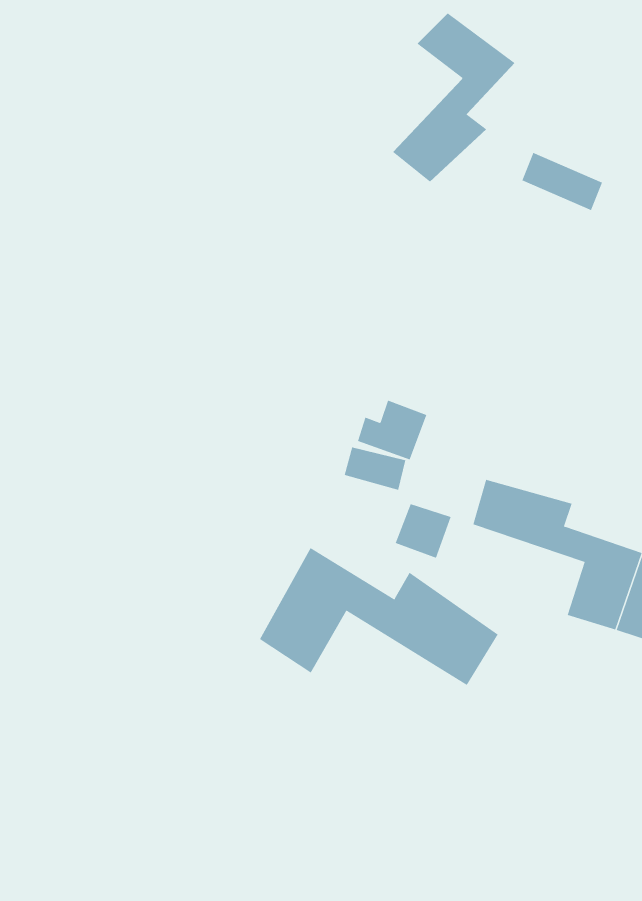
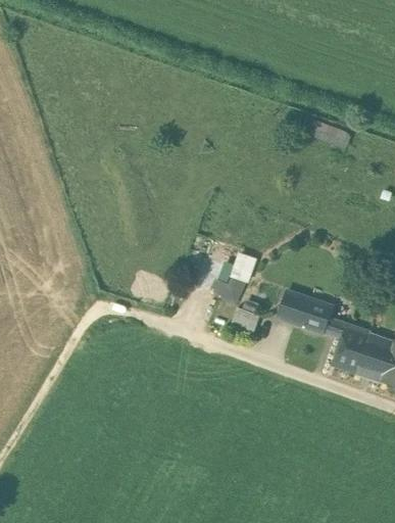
building: [392,13,516,183] -> none
building: [259,547,499,686] -> none

